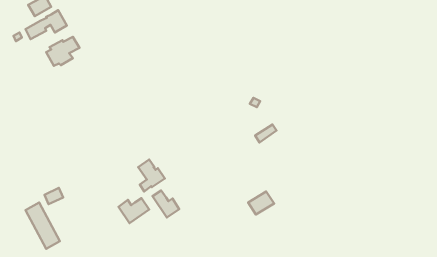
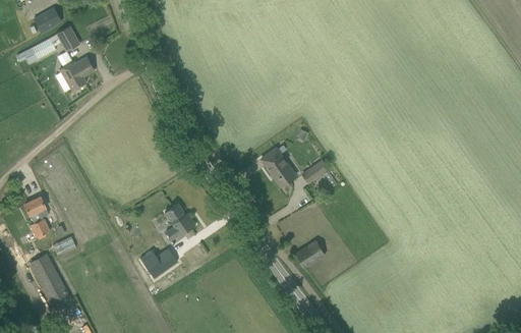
building: none -> [260,149,295,186]
building: none -> [23,197,50,237]
building: [153,190,179,218] -> none

